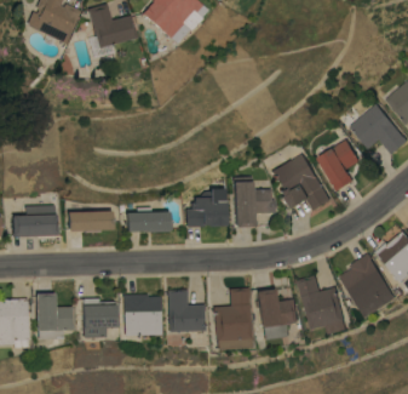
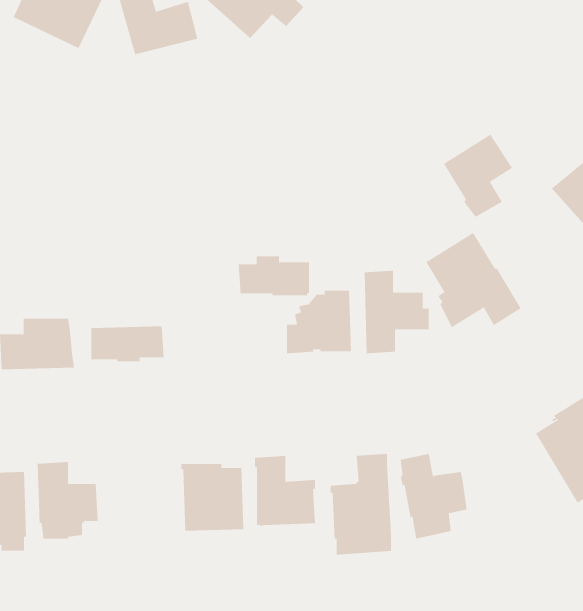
building: [317,141,360,192] -> [443,134,513,218]
building: [127,209,171,233] -> [238,256,310,296]
building: [295,275,346,335] -> none
building: [84,298,117,338] -> none

